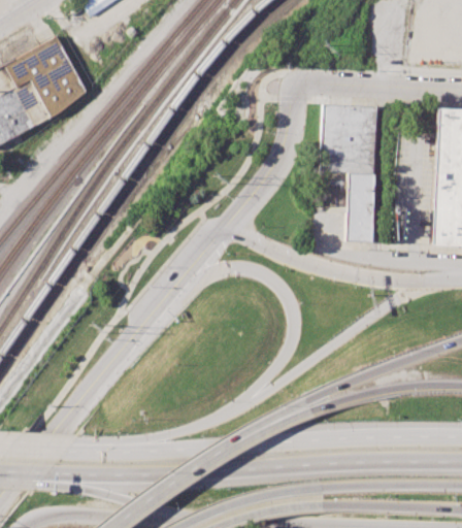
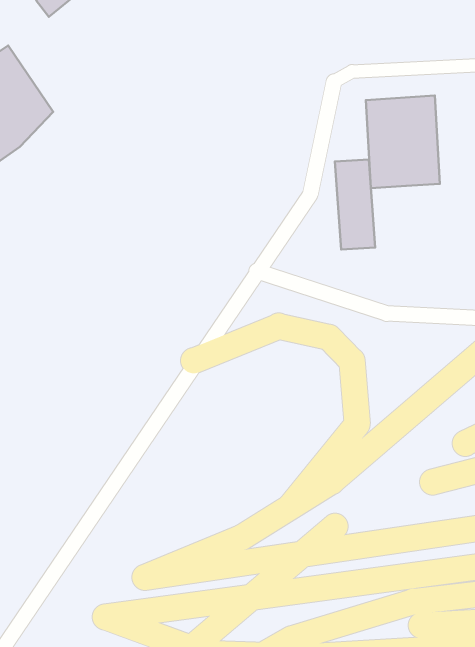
building: [346,173,374,241] -> [335,159,375,250]

